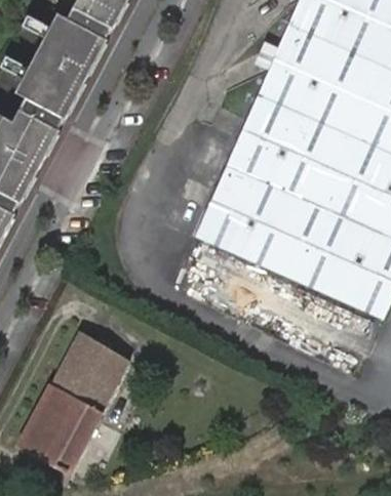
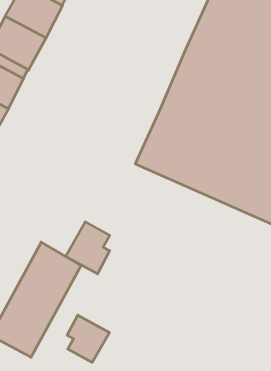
building: none -> [66,222,110,274]
building: none -> [67,315,109,362]

